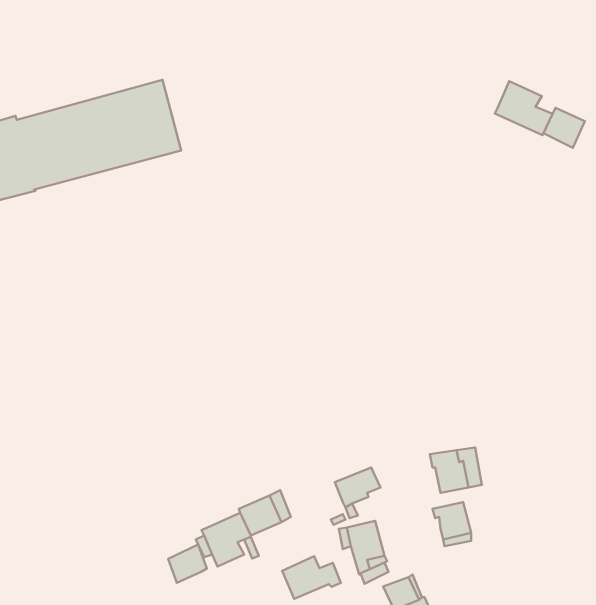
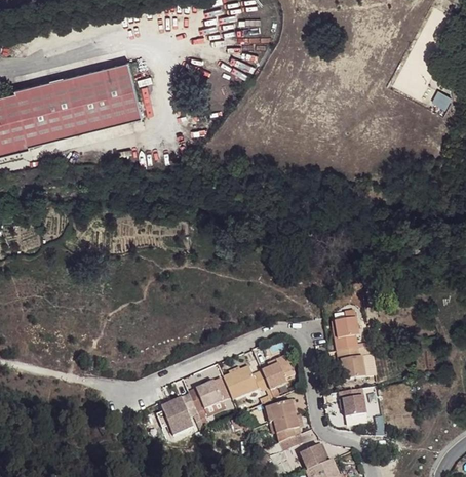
building: [495,81,552,135] -> none
building: none -> [329,309,357,349]
building: [168,545,207,583] -> none
building: [282,556,341,599] -> [223,365,268,398]

